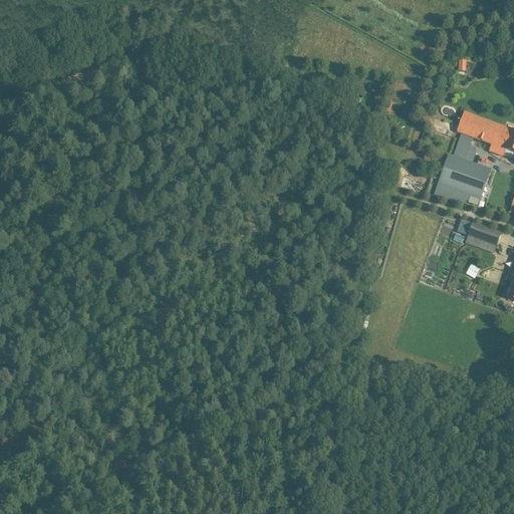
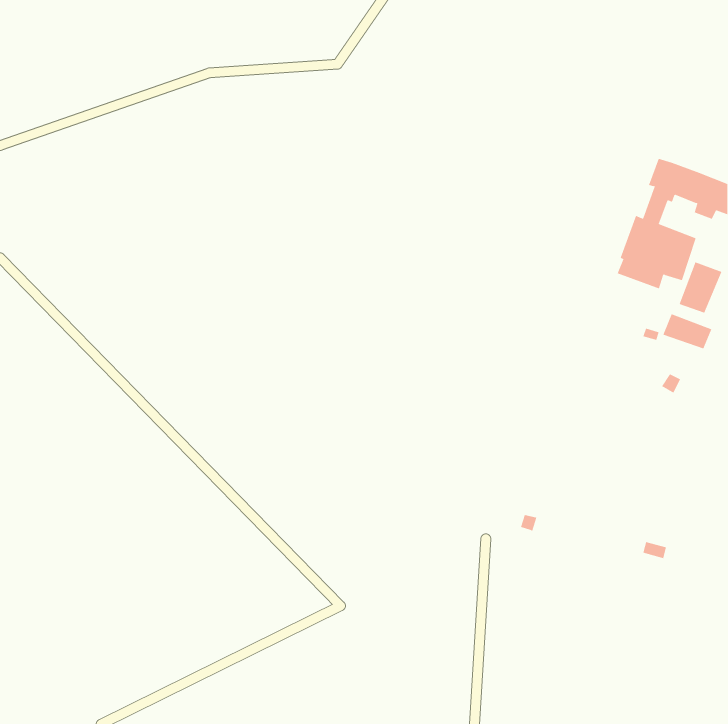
building: none -> [679,262,722,313]

